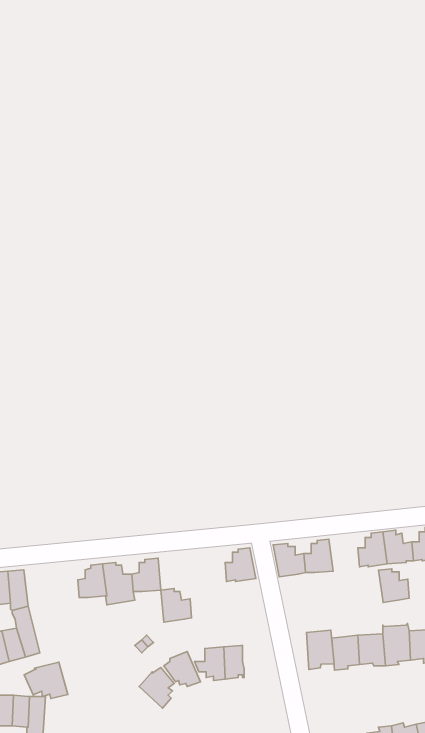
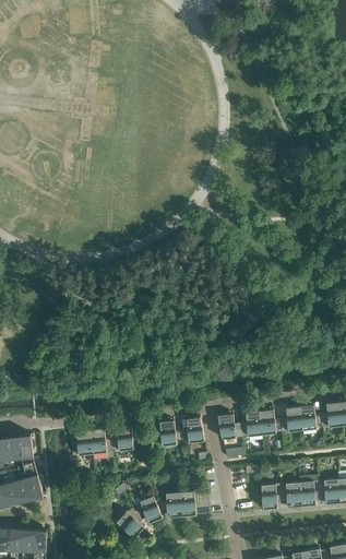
building: [379,569,409,602] -> [259,409,282,435]
building: [161,589,192,622] -> [159,420,182,445]
building: [306,630,334,670] -> none
building: [24,662,68,698] -> none

